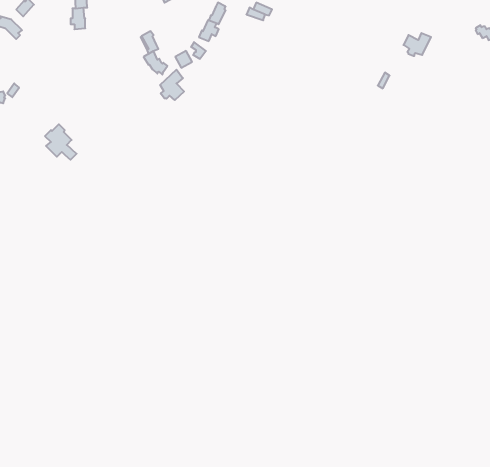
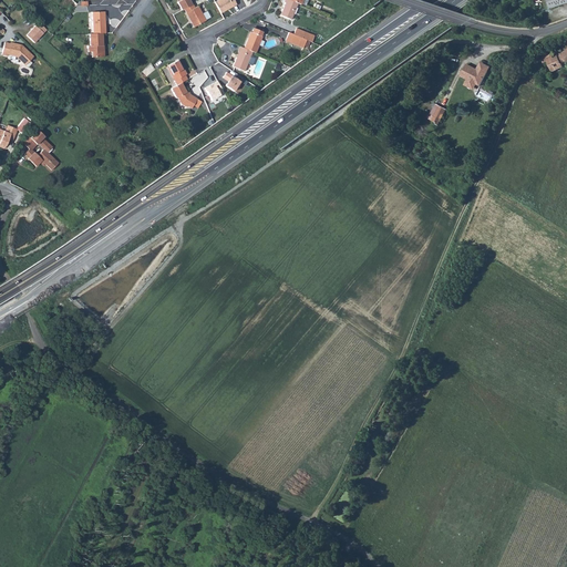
building: [160,70,184,100] -> none
building: [45,124,77,160] -> [23,128,59,168]

